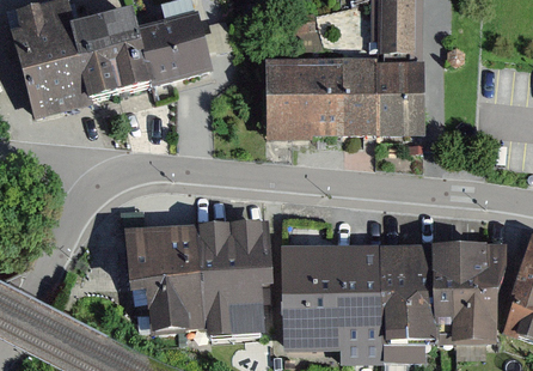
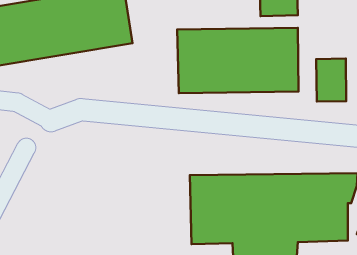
building: none -> [316,59,346,102]
building: [128,225,266,328] -> none

